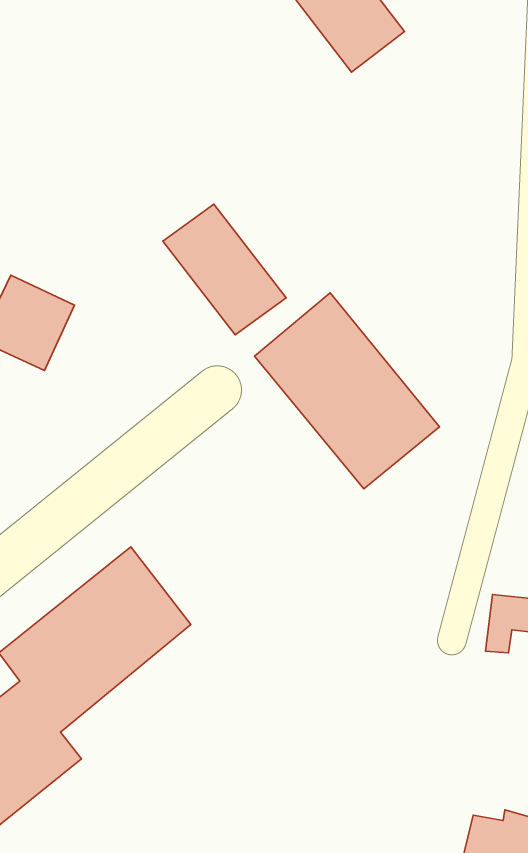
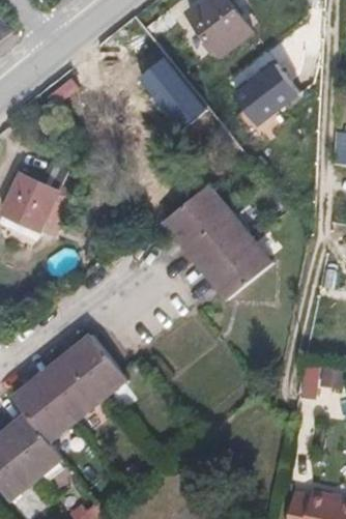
building: none -> [226,61,293,127]
building: [163,204,286,335] -> [132,54,204,131]

